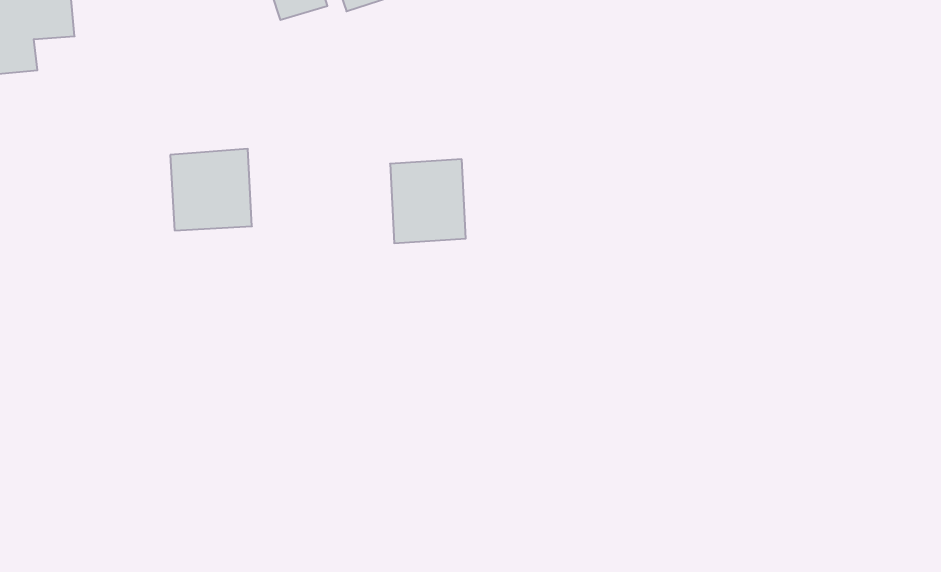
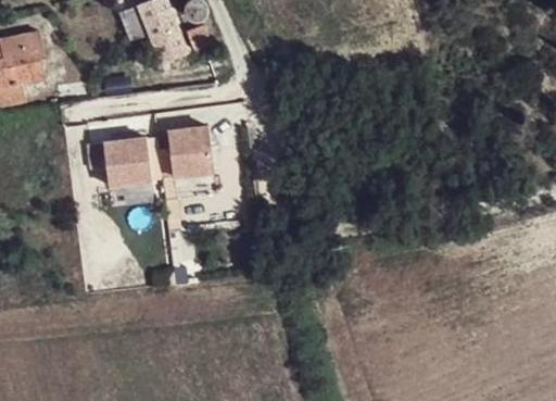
building: [390,159,466,243] -> [166,126,212,176]

